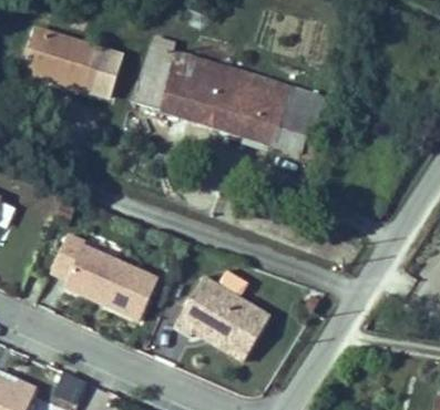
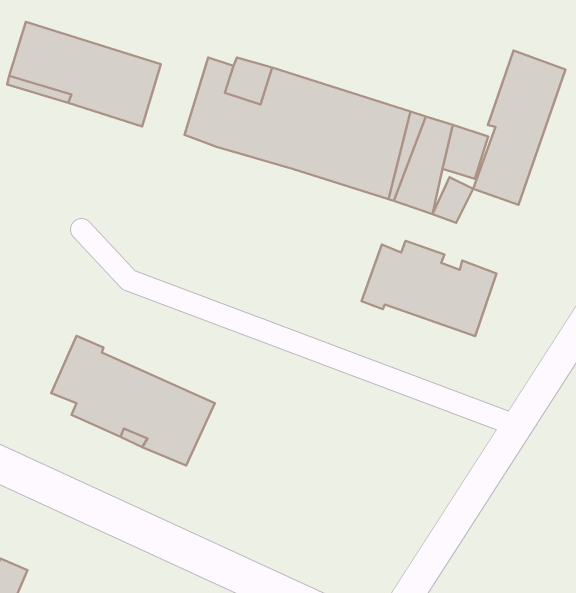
building: none -> [473,51,565,205]
building: none -> [362,241,496,336]
building: [174,275,270,359] -> none

